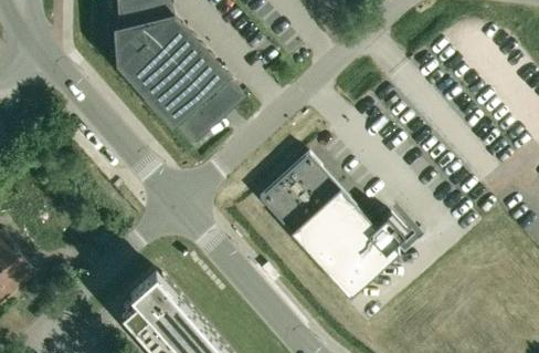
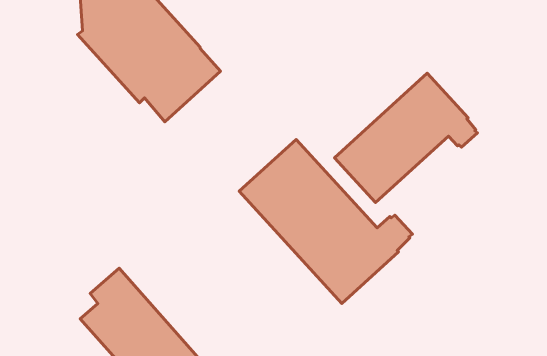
building: none -> [335,73,478,202]

